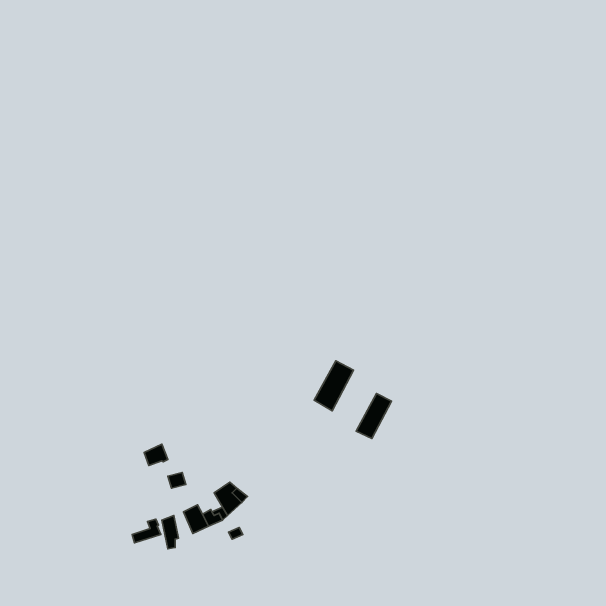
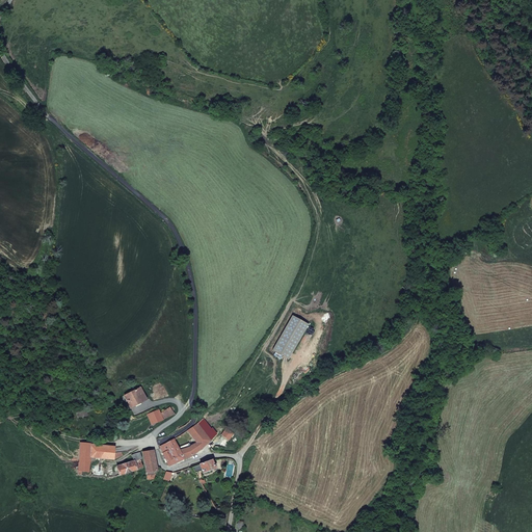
building: [356,393,391,439] -> none
building: none -> [76,442,119,462]

